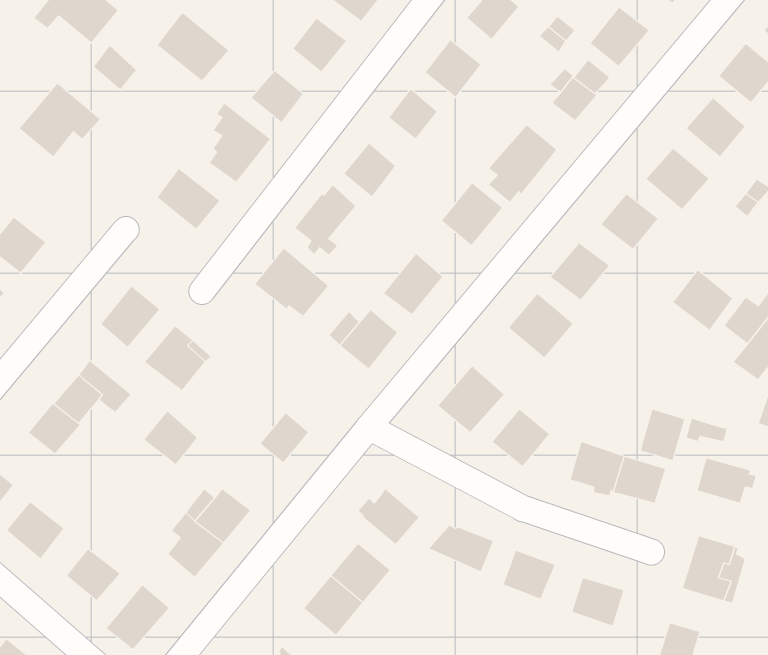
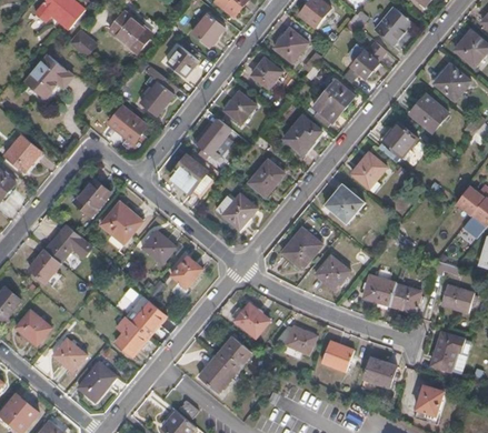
building: [672,270,733,331] -> none
building: [640,409,685,461] -> none
building: [144,411,198,465] -> [142,231,176,264]

